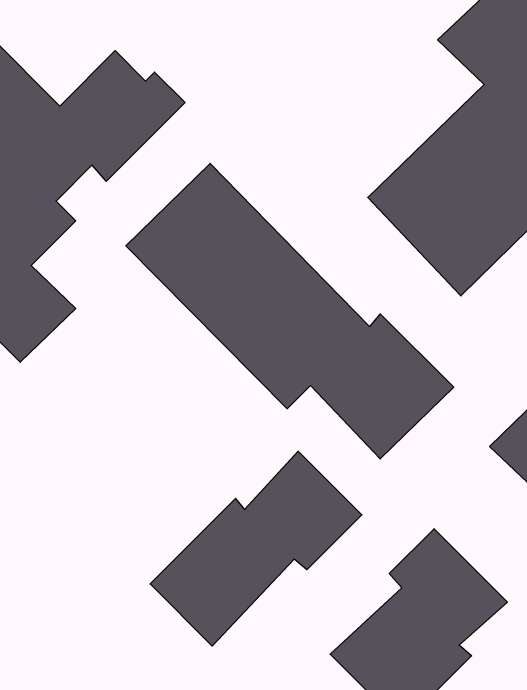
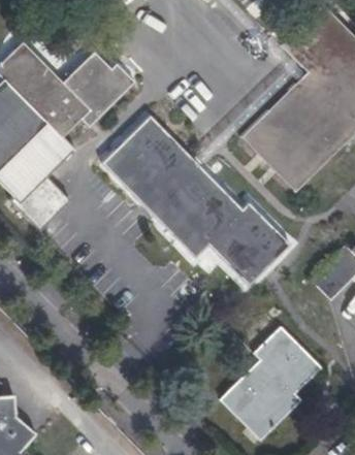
building: [150,451,362,646] -> none

